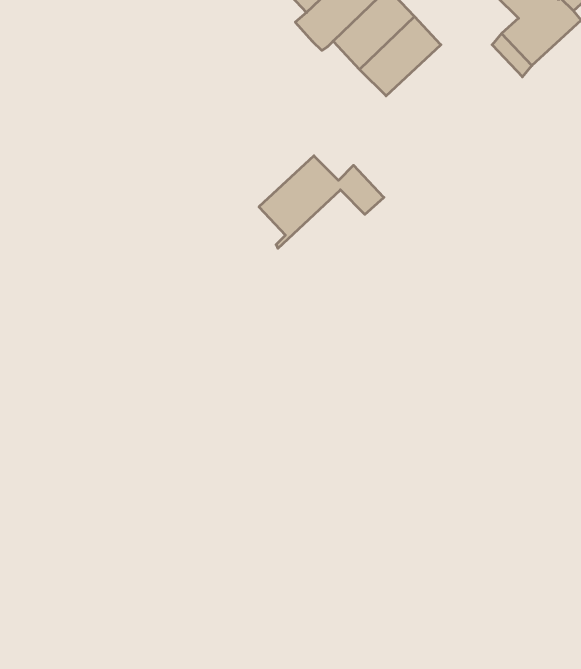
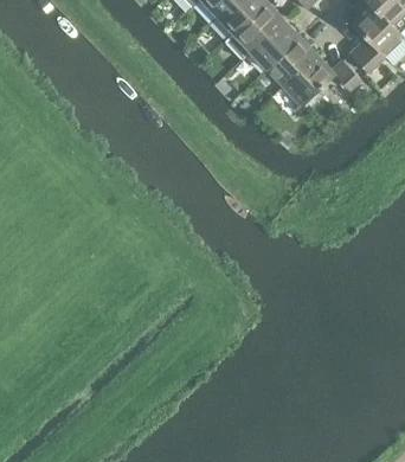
building: [259,156,384,248] -> [282,53,360,111]

